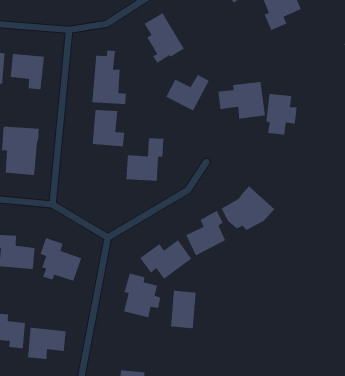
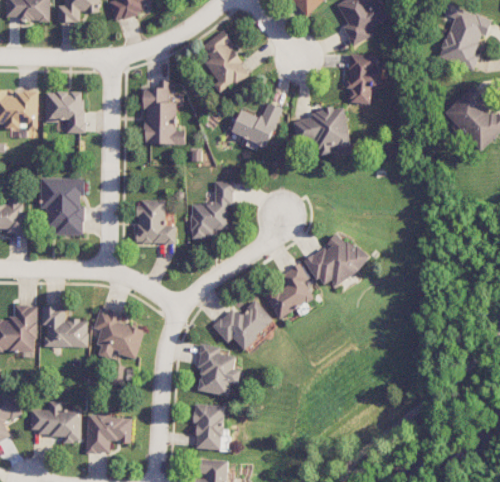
building: [265,93,297,136] -> [346,54,383,103]
building: [92,109,125,147] -> [136,200,175,243]
building: [170,290,197,329] -> [193,404,222,449]

